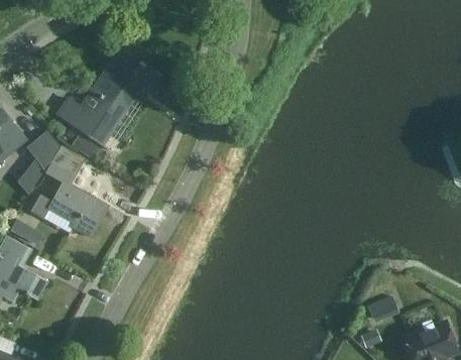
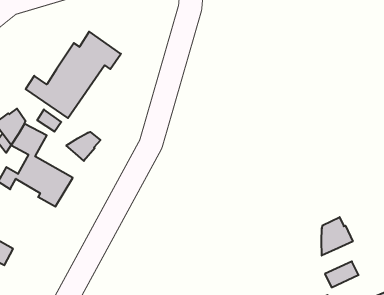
building: none -> [66,132,100,161]
building: none -> [321,217,353,256]

